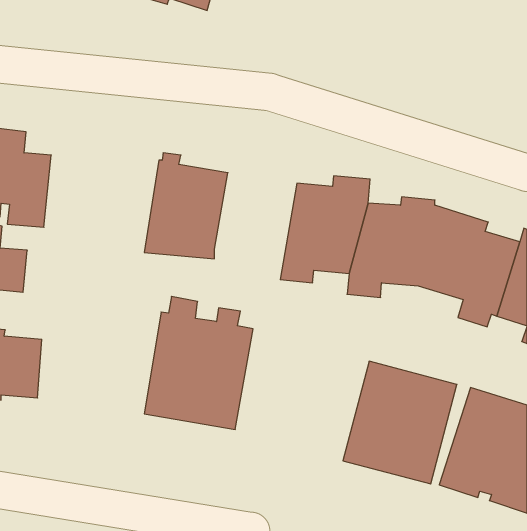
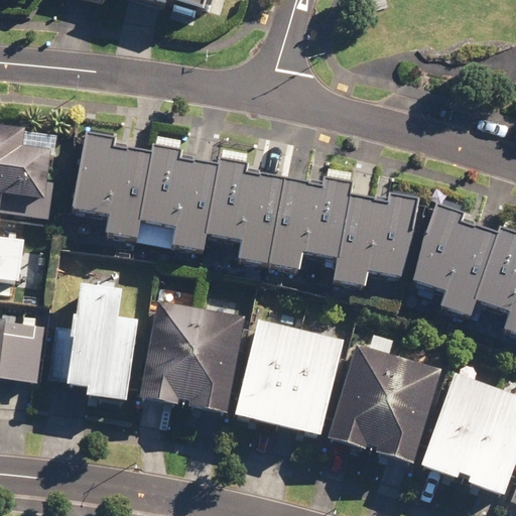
building: none -> [81,134,153,243]
building: none -> [207,166,286,269]
building: none -> [46,286,138,401]
building: none -> [237,320,344,435]

